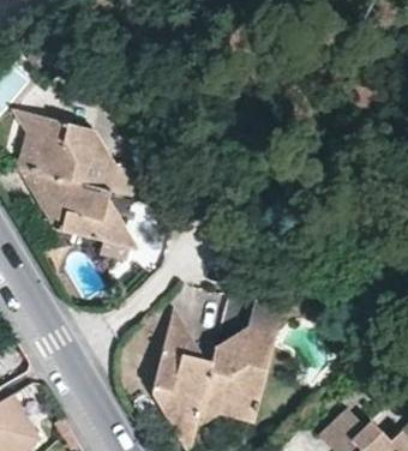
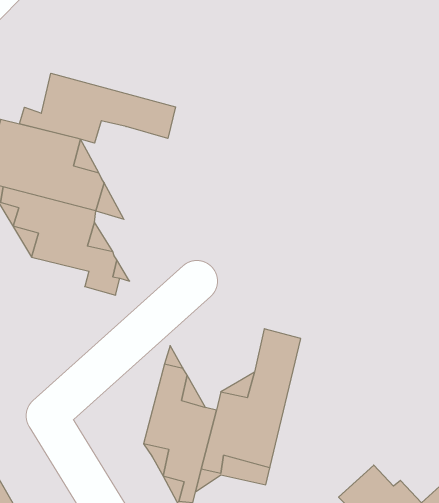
building: none -> [20,73,175,143]

